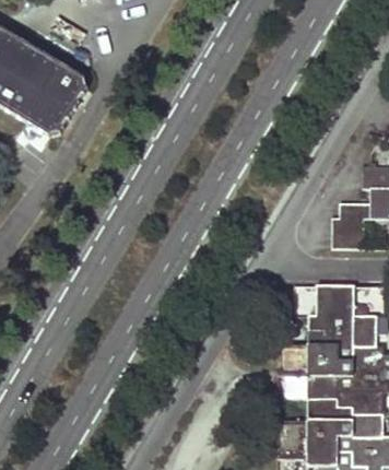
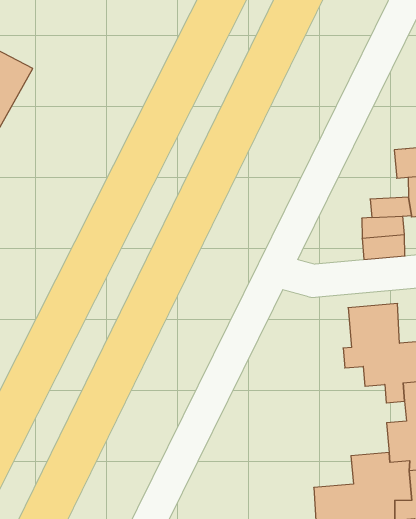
building: [278,331,353,399] -> none

